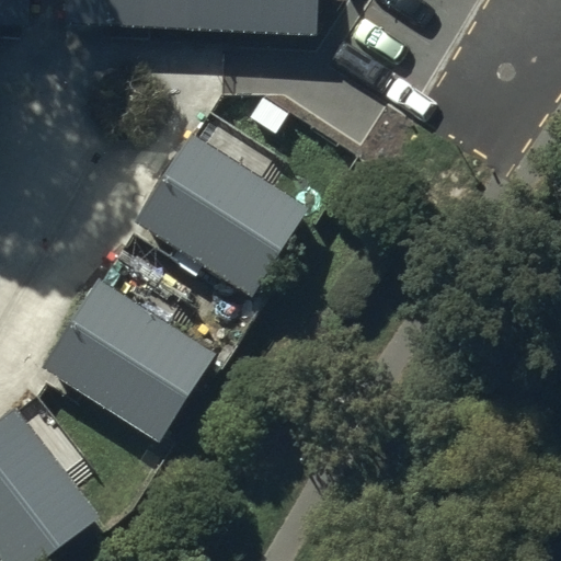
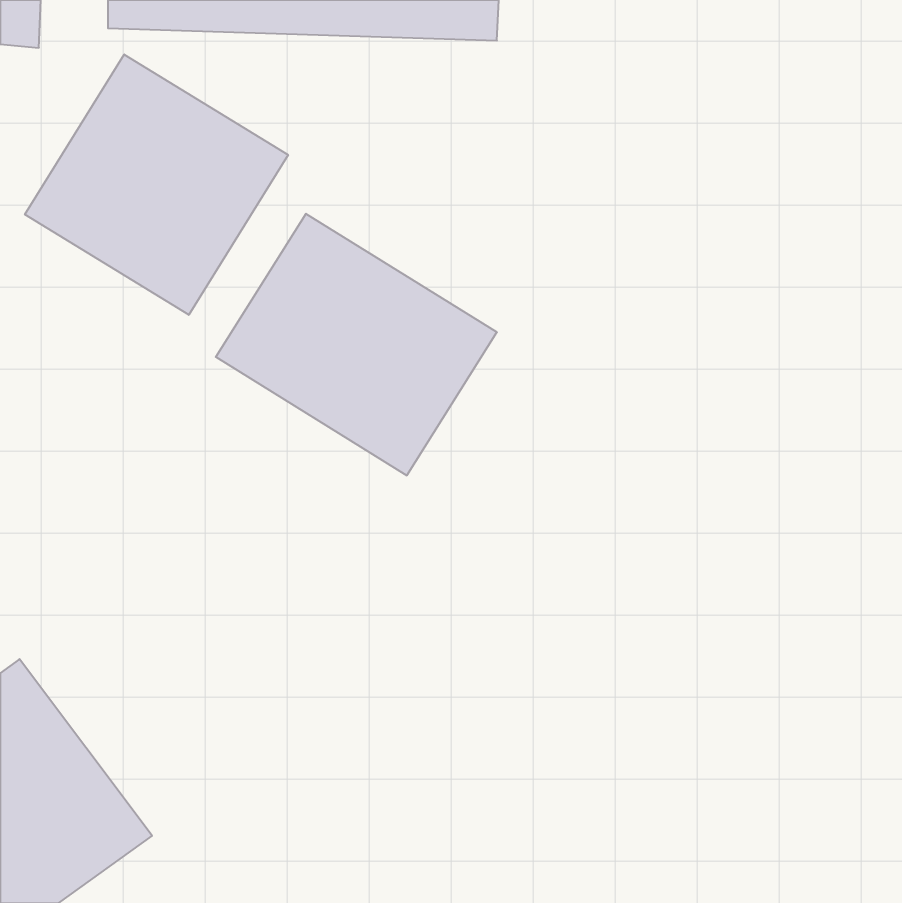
building: none -> [25,54,288,315]
building: [41,282,213,443] -> none

